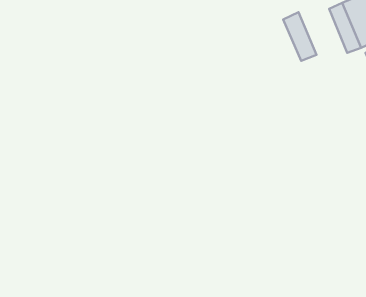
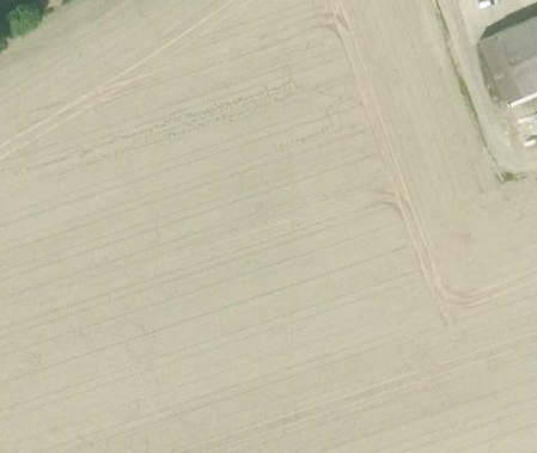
building: [283,12,316,61] -> none

